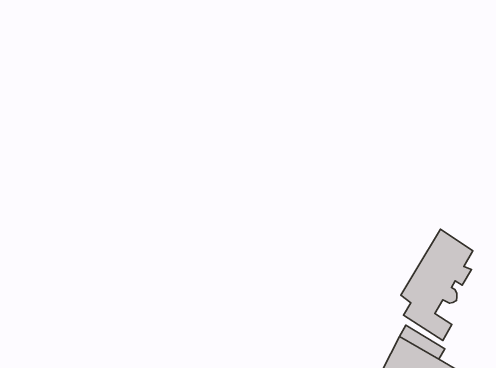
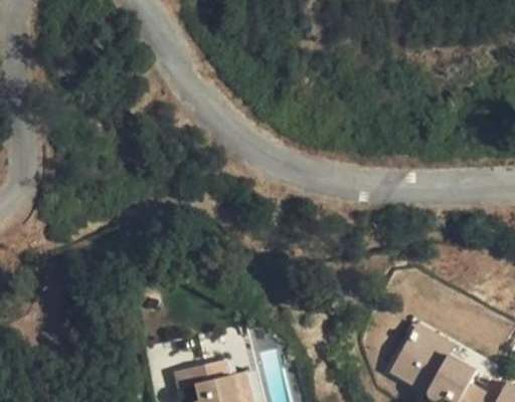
building: [401,229,473,340] -> none

